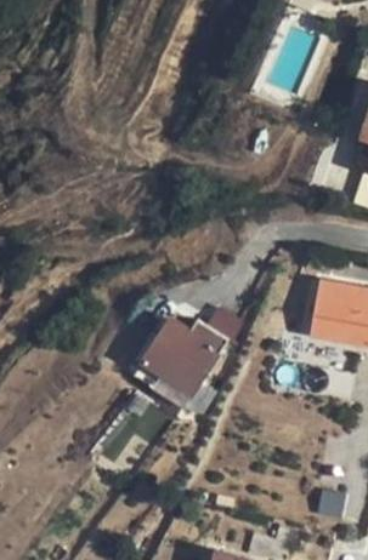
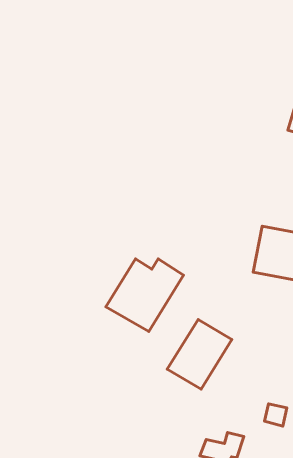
building: none -> [167,319,232,389]

